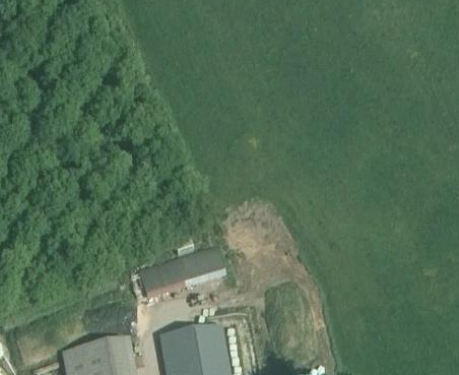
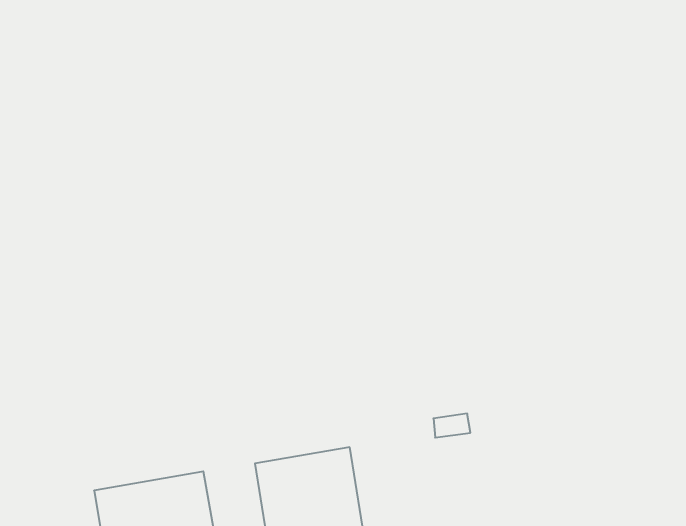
building: [136,244,223,299] -> none

